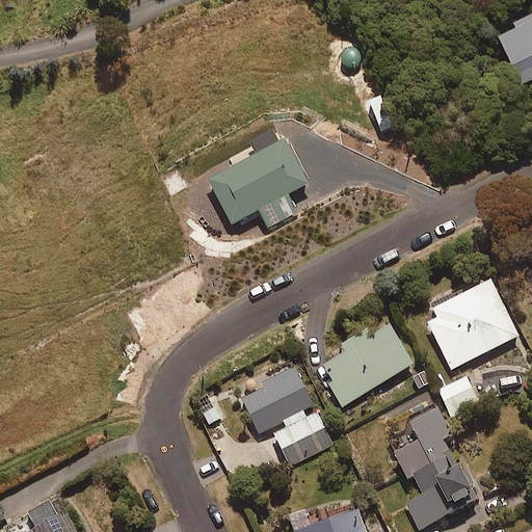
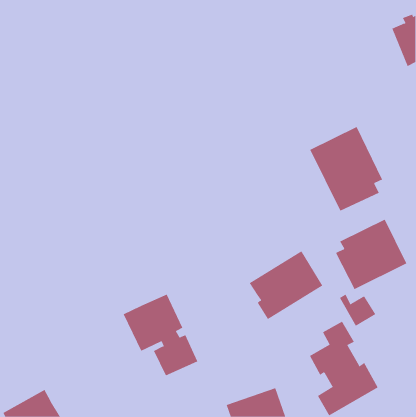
building: [208,139,308,227] -> none
building: none -> [310,126,383,212]
building: [235,360,330,464] -> [123,294,198,376]

